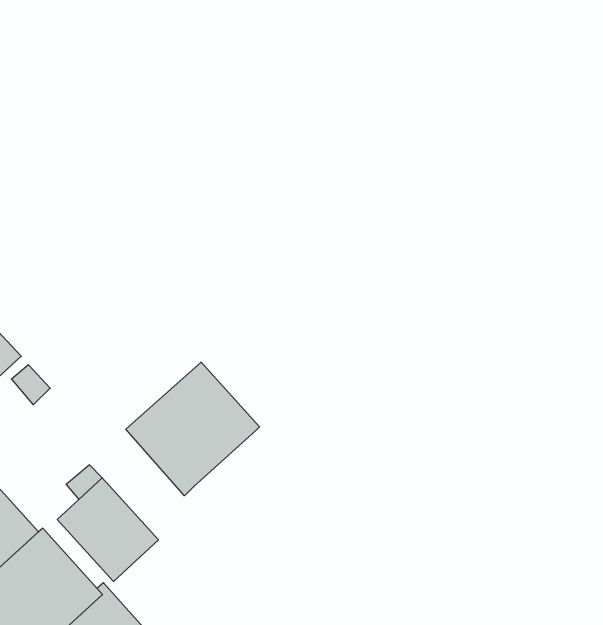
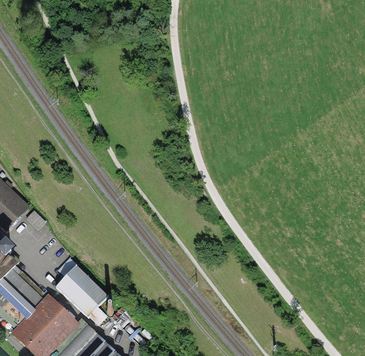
building: [126,362,260,496] -> none

